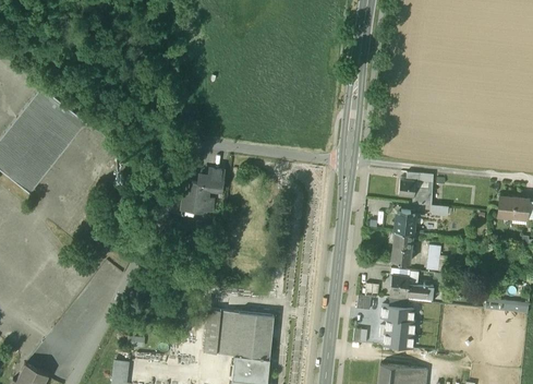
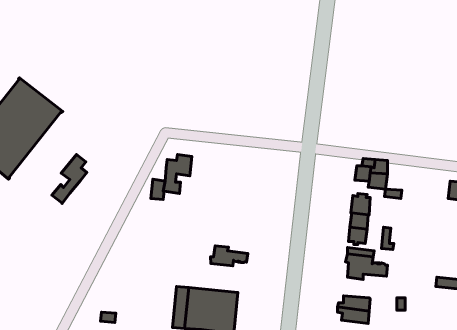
building: none -> [52,155,87,203]
building: none -> [211,246,248,266]
building: [381,300,414,322] -> none

